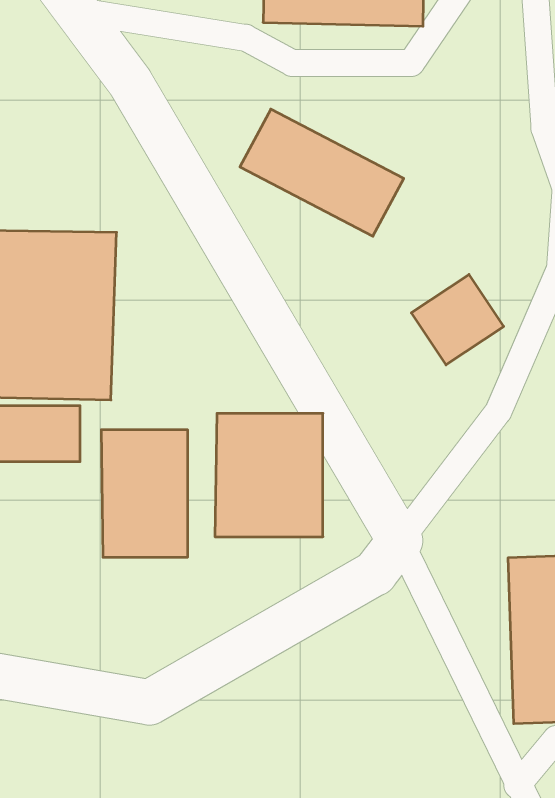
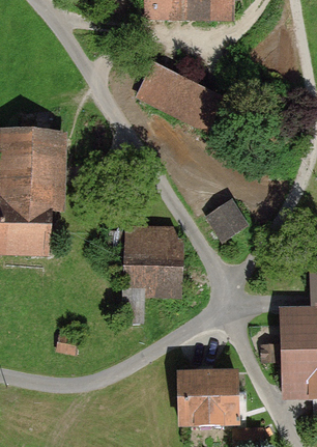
building: [411,274,504,365] -> [200,197,250,246]
building: [101,430,187,557] -> none
building: none -> [178,368,243,426]

